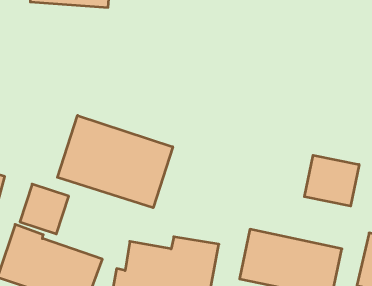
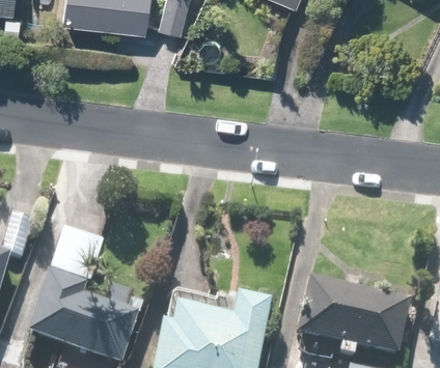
building: [57,115,173,208] -> none
building: [304,155,359,206] -> none

